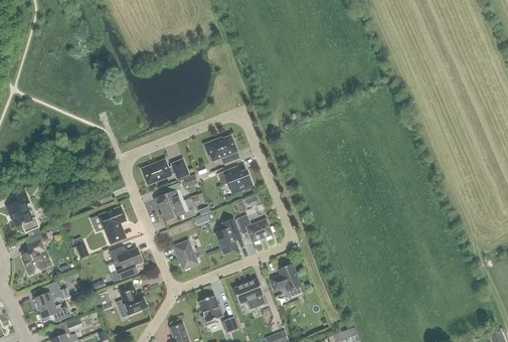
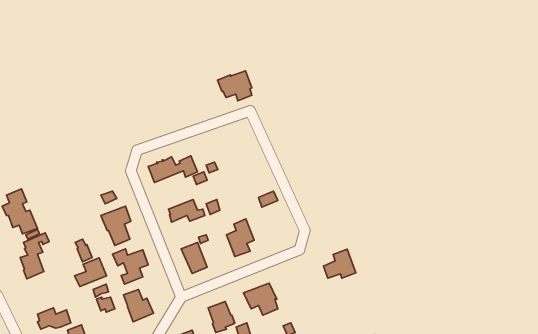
building: [204,136,236,164] -> [217,71,252,101]
building: [217,166,252,194] -> none
building: [155,183,184,209] -> none
building: [236,215,272,242] -> none
building: [270,264,300,291] -> [323,249,356,278]
building: [33,281,63,308] -> [74,258,107,287]

